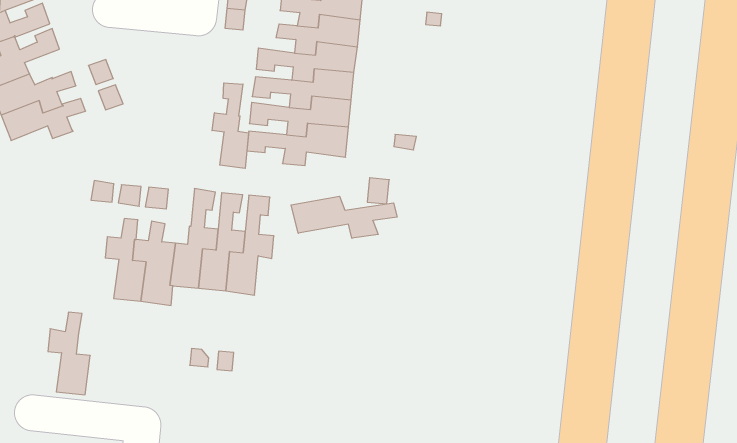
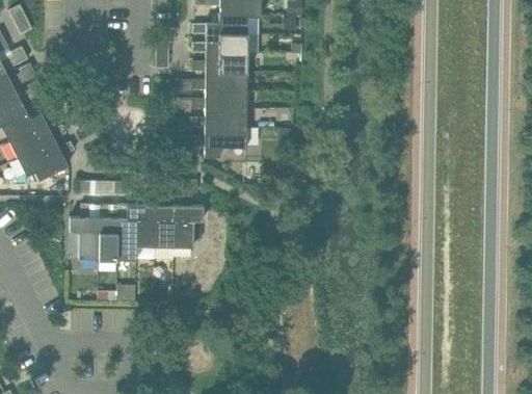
building: [212,83,249,168] -> none
building: none -> [18,142,75,183]
building: [291,196,397,238] -> none
building: [48,312,90,395] -> [70,205,99,260]

